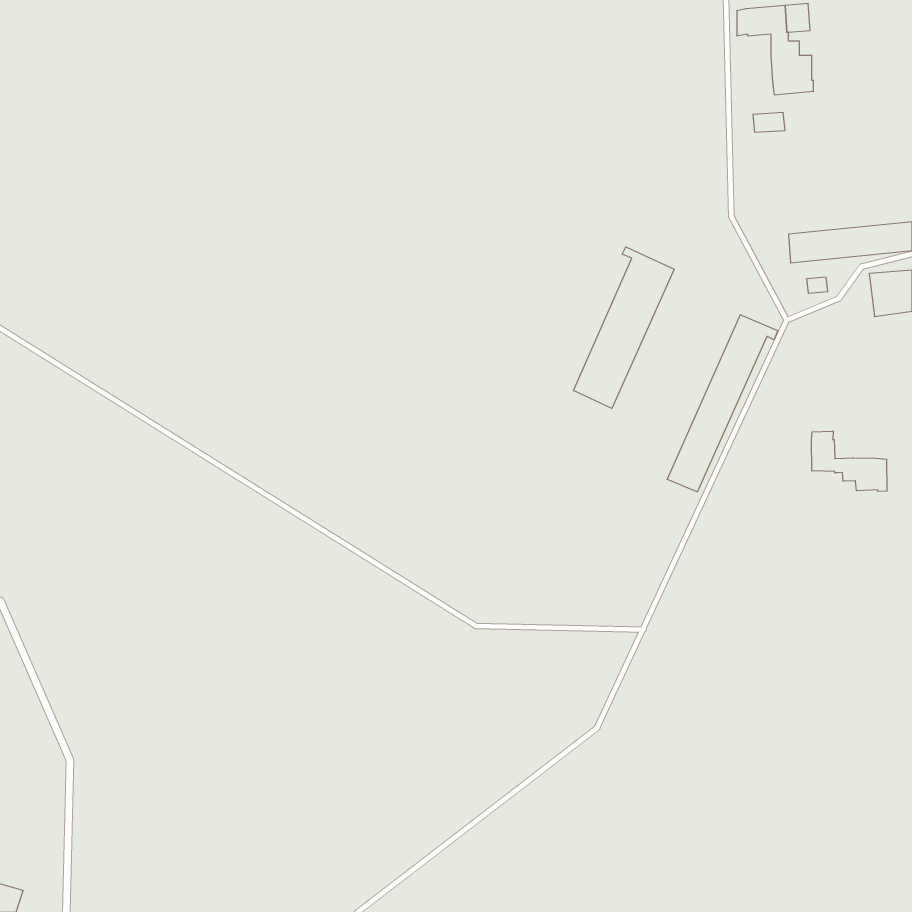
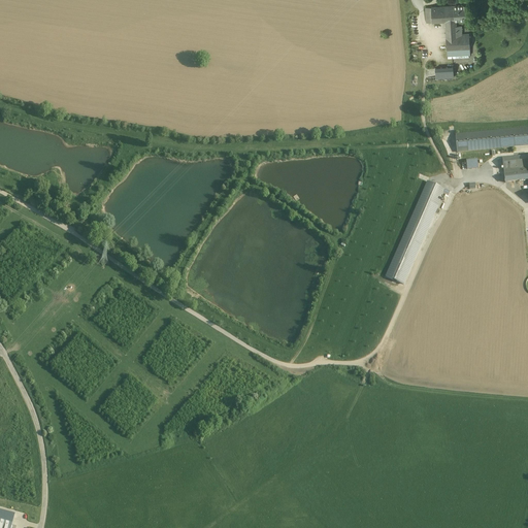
building: [573,247,674,409] -> none
building: [811,431,887,491] -> none

